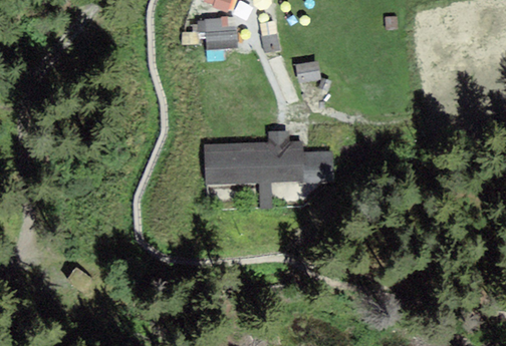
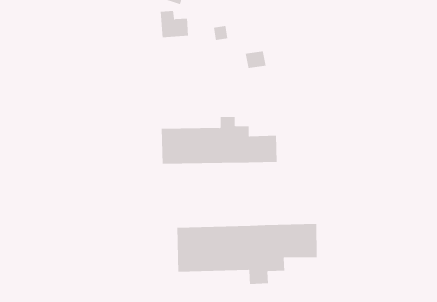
building: none -> [177,223,317,285]

